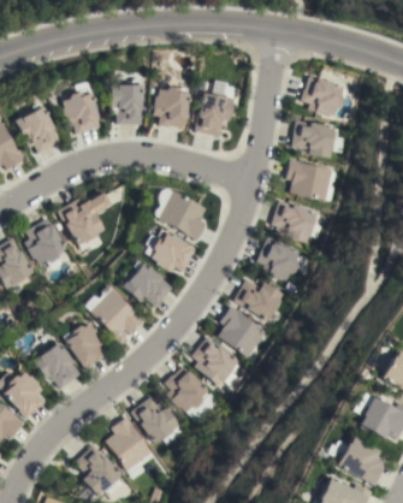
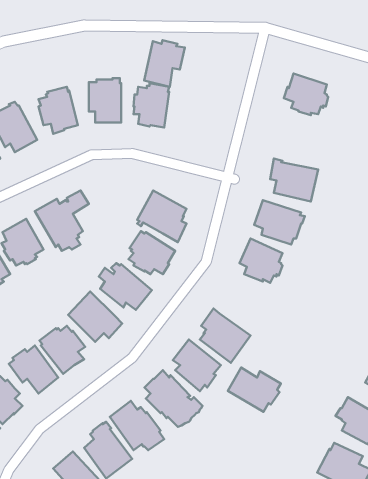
building: [195,91,235,137] -> [144,40,185,87]
building: [292,122,346,158] -> none
building: [233,278,285,321] -> [228,368,281,412]

